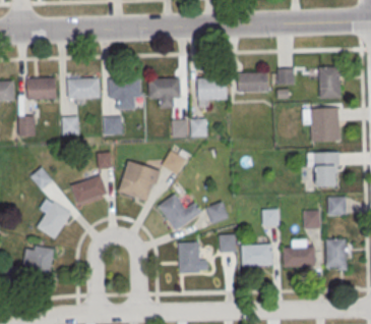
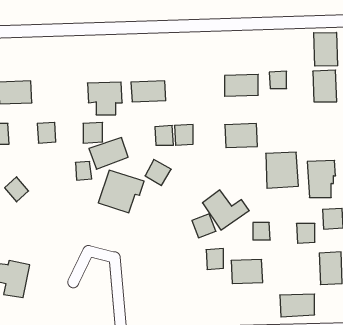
building: none -> [314,32,338,66]
building: [196,76,227,99] -> [225,124,257,148]
building: [66,77,99,97] -> none
building: [309,107,339,141] -> [266,152,298,188]
building: [70,175,107,205] -> [89,138,128,169]
building: [158,194,201,231] -> [202,190,249,230]
building: [37,202,70,238] -> none
building: [177,241,199,273] -> none
building: [283,247,315,268] -> [280,294,315,317]

